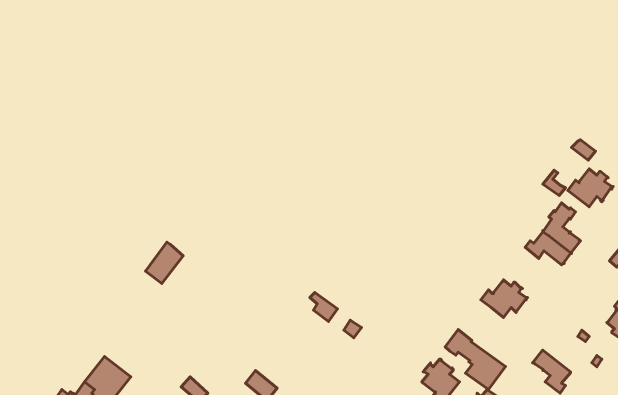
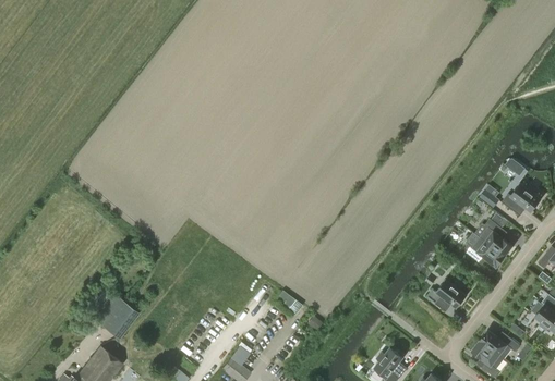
building: [145,242,183,284] -> [104,299,136,335]
building: [445,330,506,389] -> none
building: none -> [480,329,519,358]

